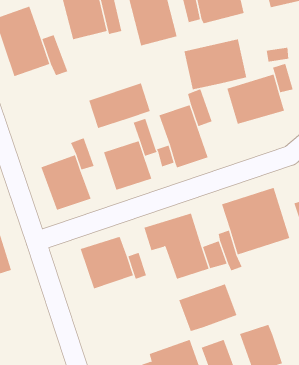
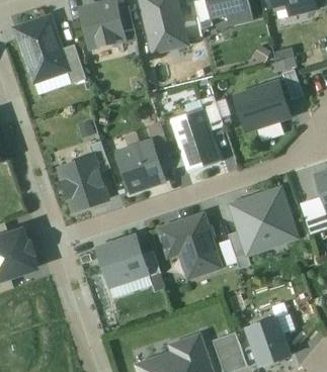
building: [184,38,247,90] -> none
building: [88,83,151,129] -> none
building: [178,284,237,332] -> none

